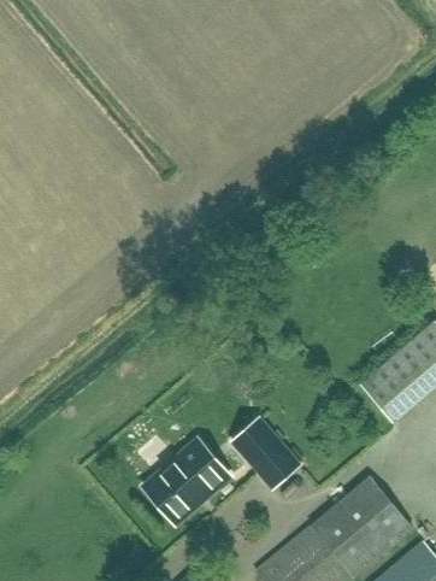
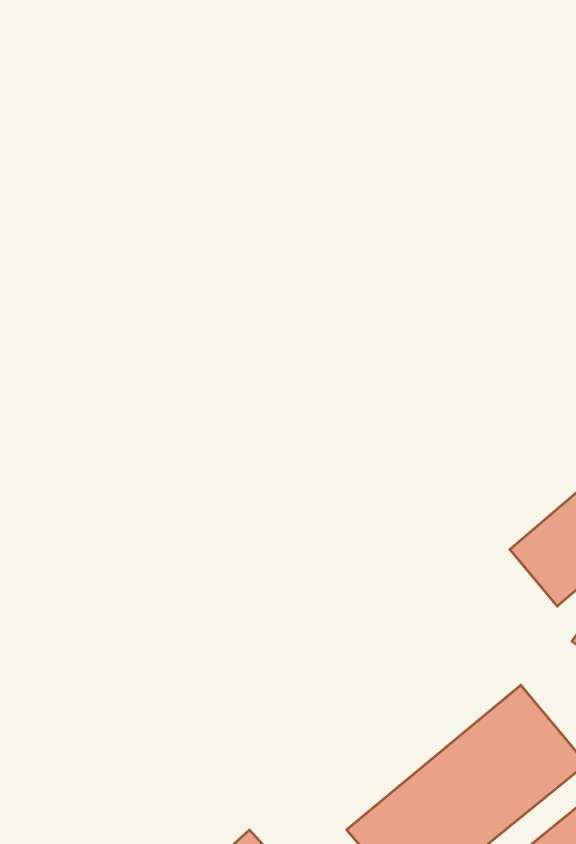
building: [232,418,299,487] -> none
building: [143,439,229,523] -> none

